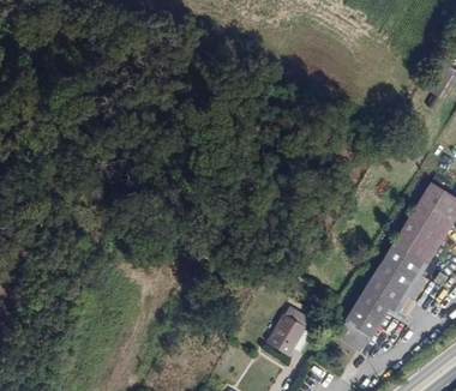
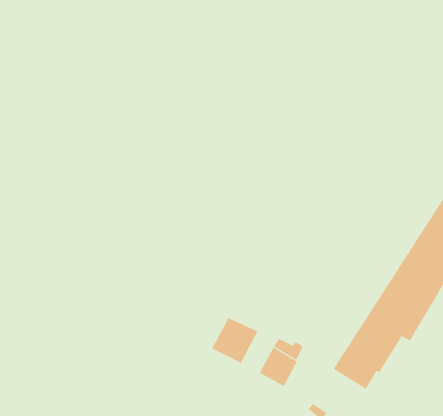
building: none -> [211,316,258,364]

